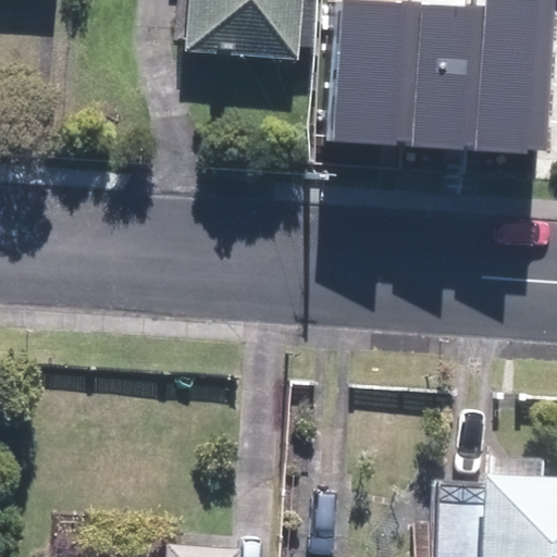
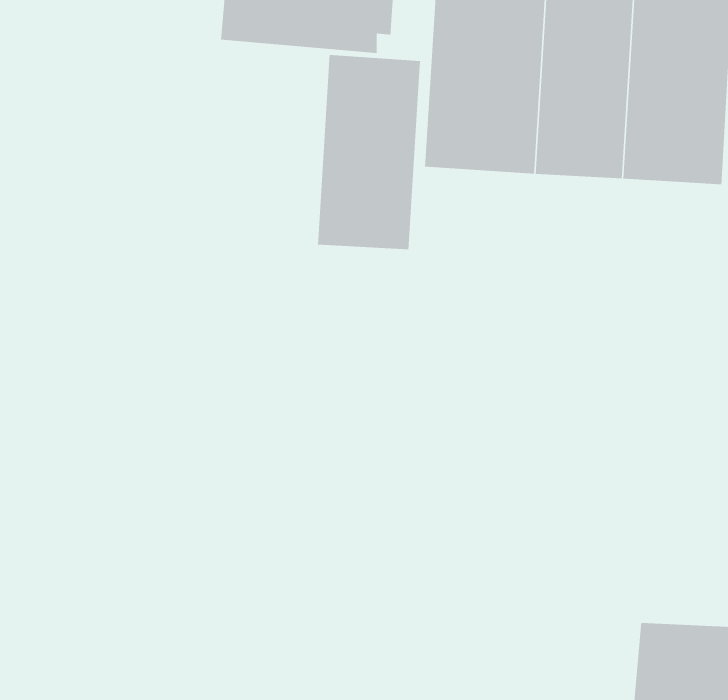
building: none -> [317,54,421,250]

